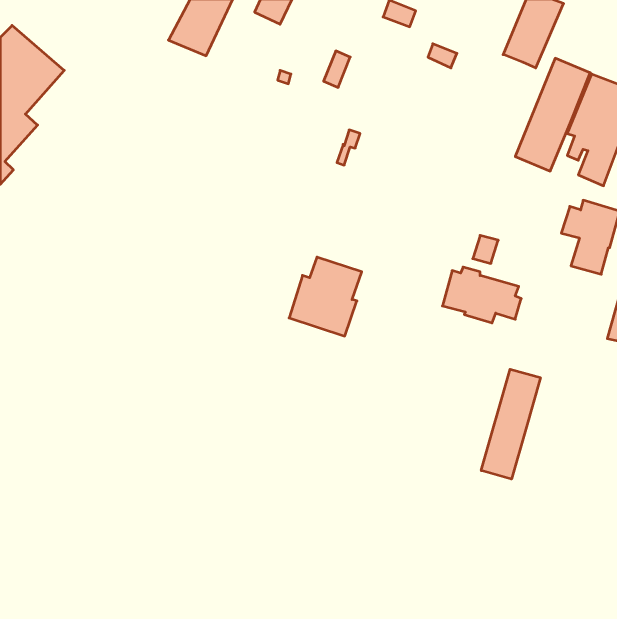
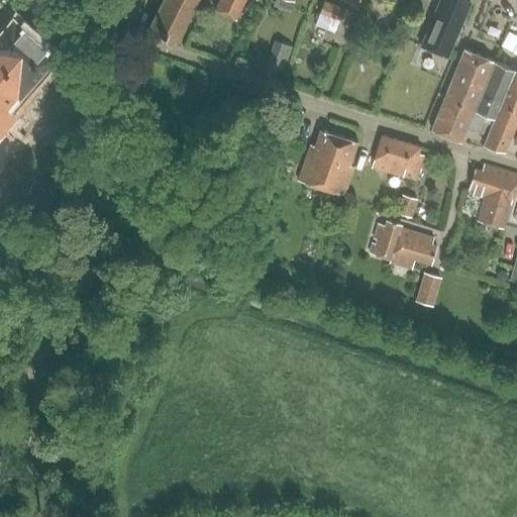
building: none -> [372,135,424,179]
building: [289,257,362,336] -> [299,129,359,195]
building: none -> [415,273,440,306]
building: [481,369,540,479] -> none

